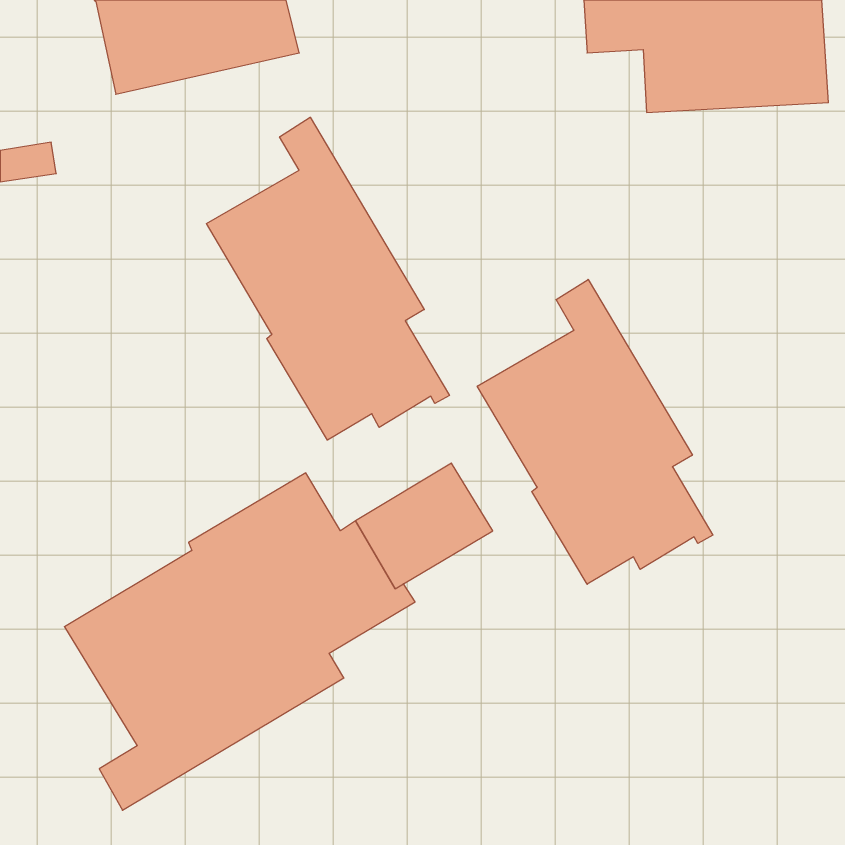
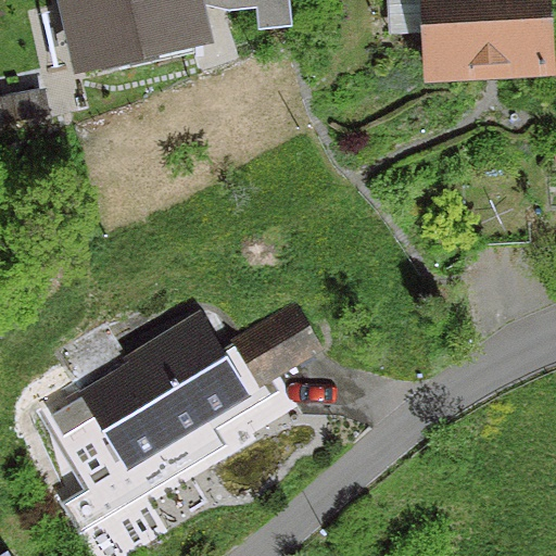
building: [206,117,449,440] -> none
building: [477,279,713,584] -> none

